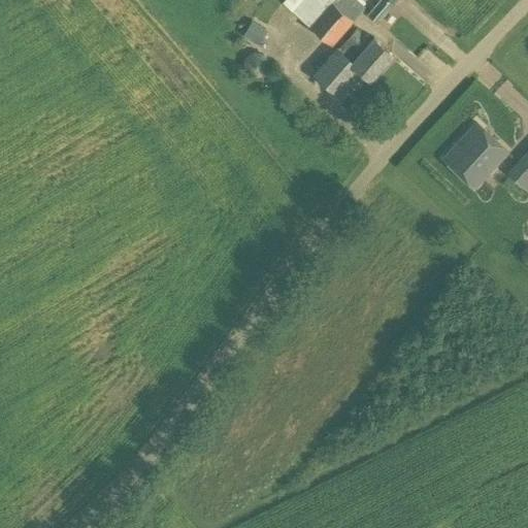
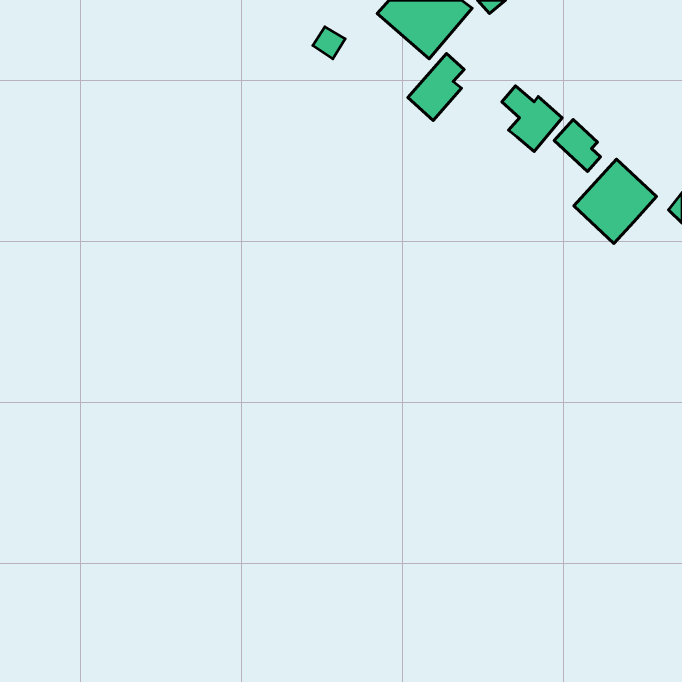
building: [344,30,391,80] -> [502,86,562,151]
building: none -> [554,120,601,172]

